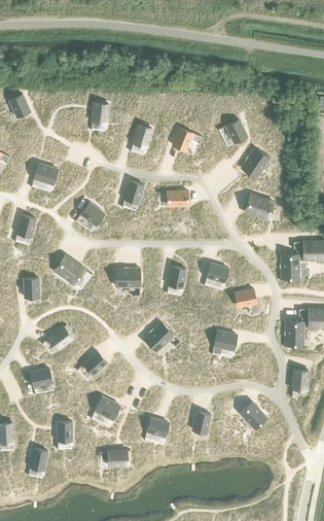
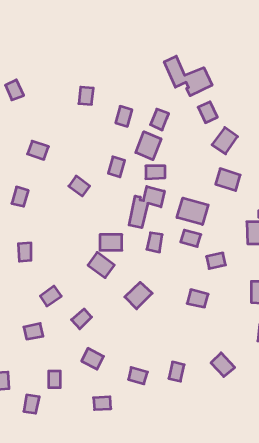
building: none -> [164,56,212,96]
building: none -> [136,132,161,160]
building: none -> [129,186,164,228]
building: none -> [177,198,208,225]
building: [55,255,84,284] -> [88,252,114,278]

